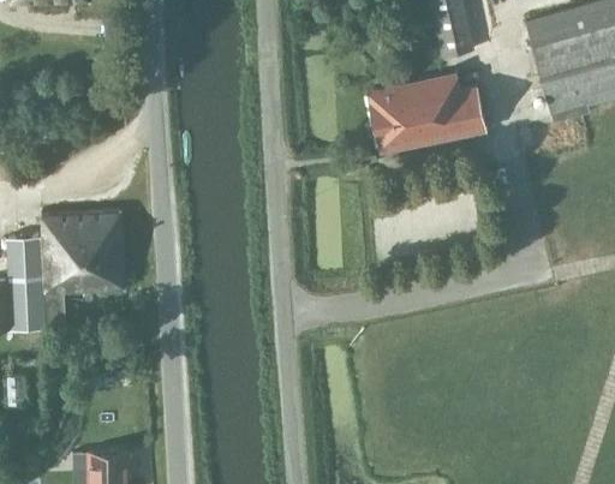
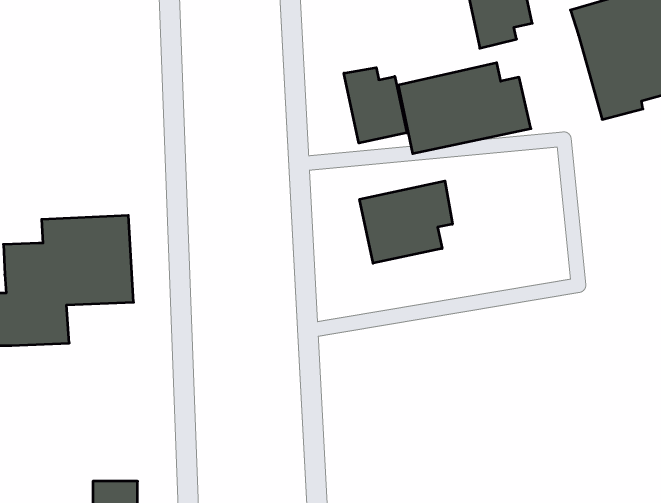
building: none -> [344,68,407,143]
building: none -> [360,181,452,263]

